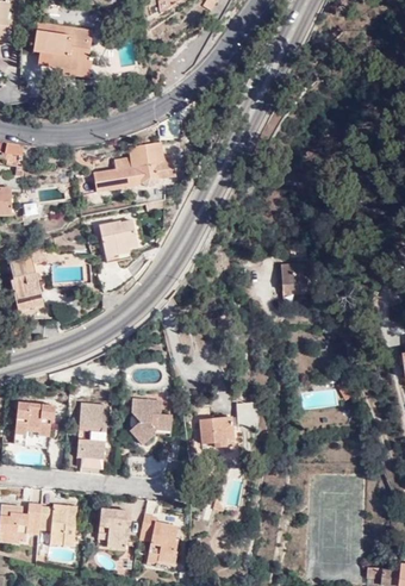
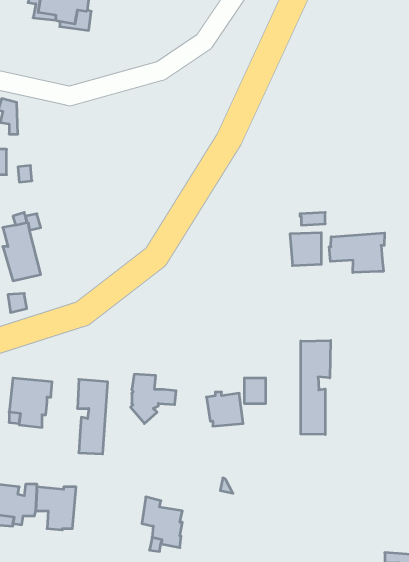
building: [95,142,174,192] -> none
building: [99,217,137,257] -> none
building: none -> [329,233,385,273]
building: none -> [301,340,331,435]
building: [98,509,131,549] -> none

